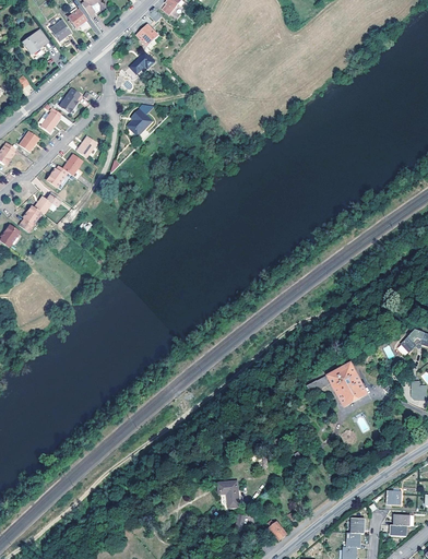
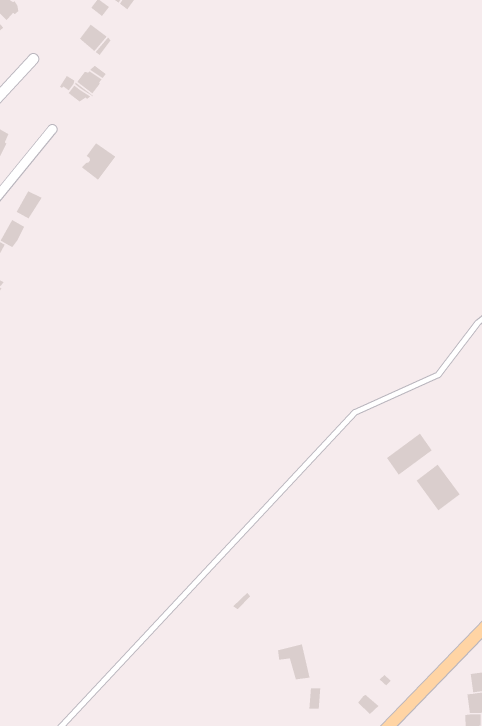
building: none -> [386,432,433,476]

